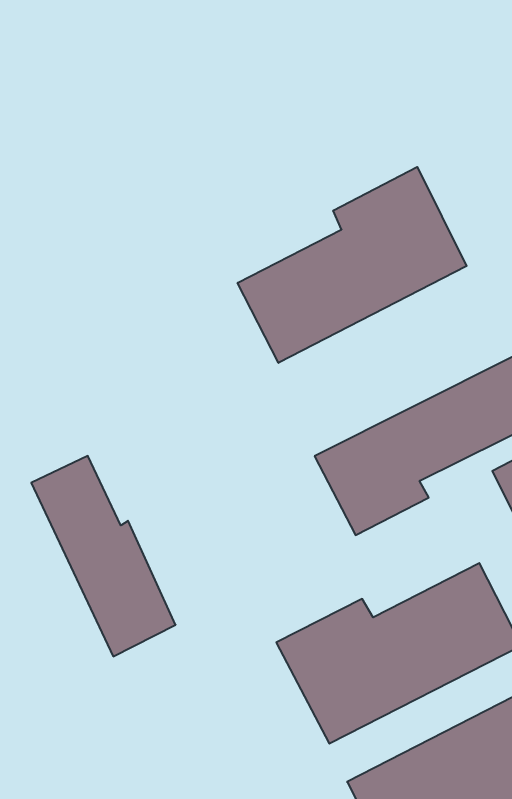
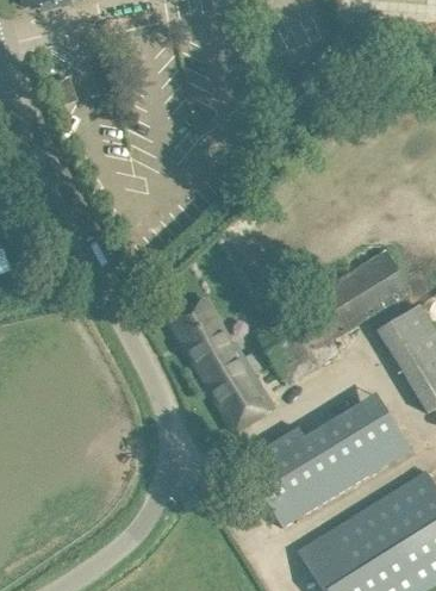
building: [238,167,467,363] -> none
building: [31,456,176,656] -> [169,298,275,433]

